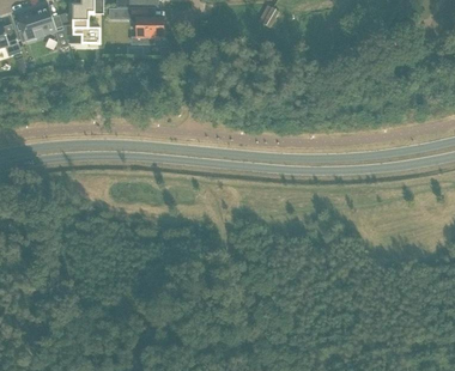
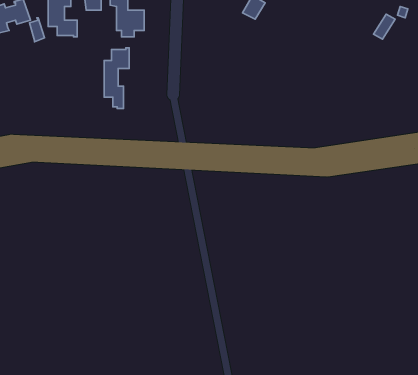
building: none -> [104,48,129,108]

